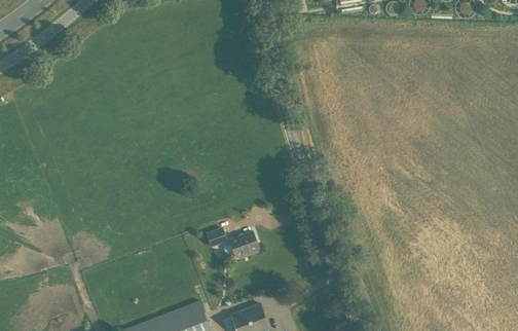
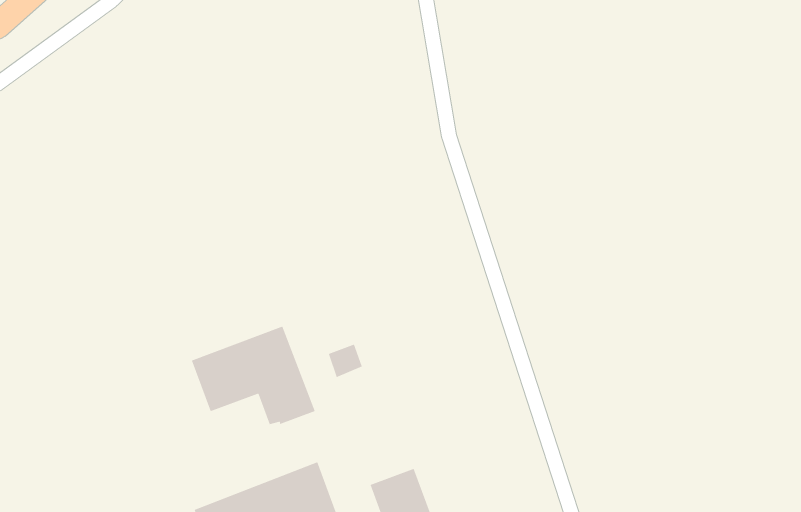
building: none -> [191,326,316,425]
building: [229,231,259,257] -> none

